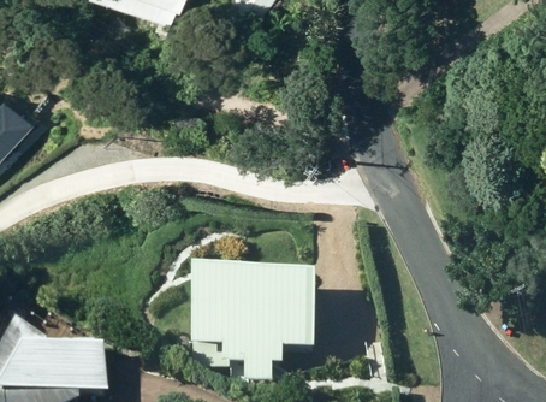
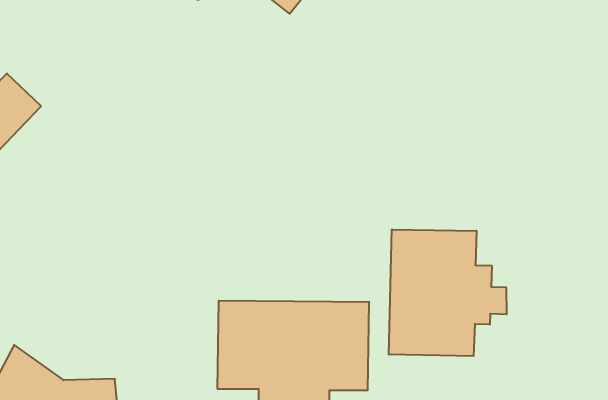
building: none -> [389,229,507,356]

